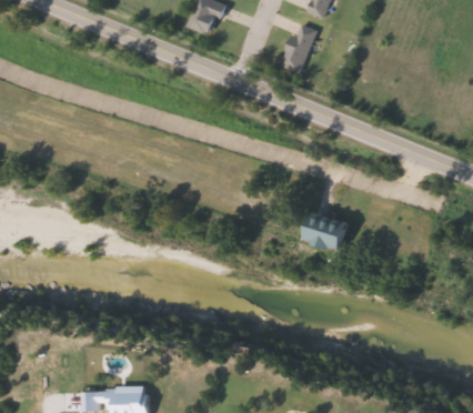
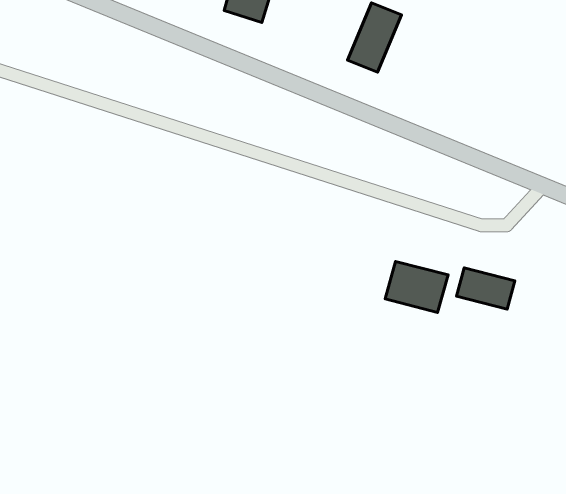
building: none -> [456,268,515,309]

